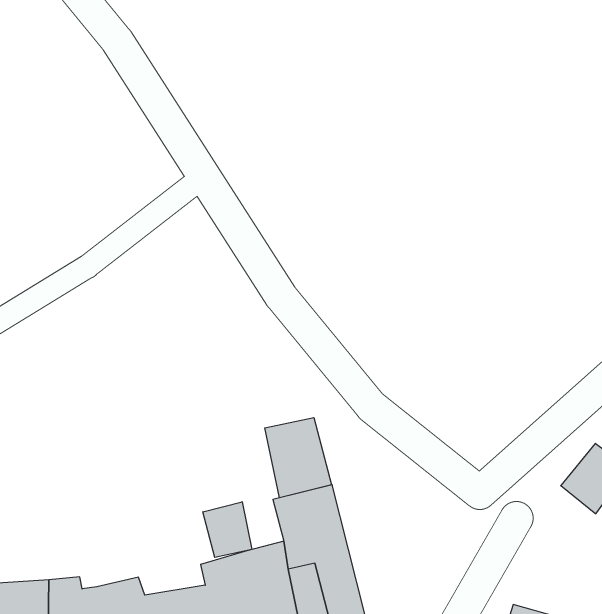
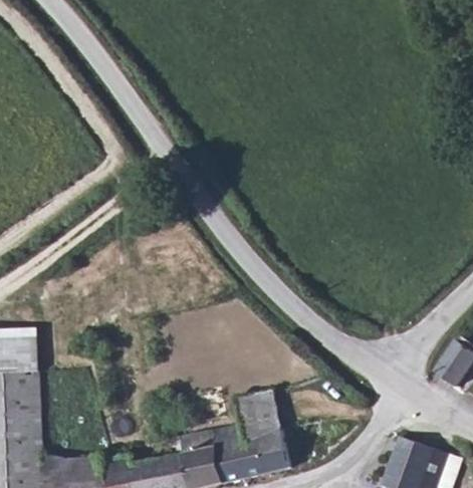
building: [265,418,331,498] -> none
building: [203,502,252,557] -> none

